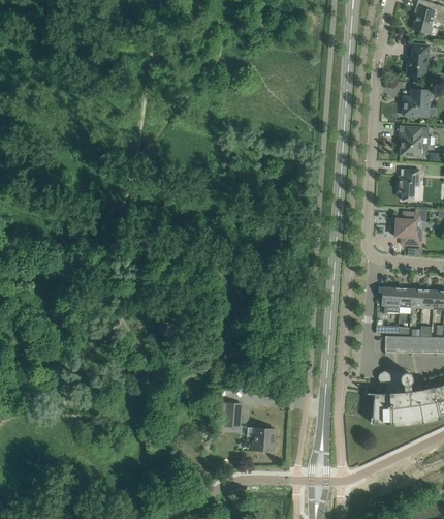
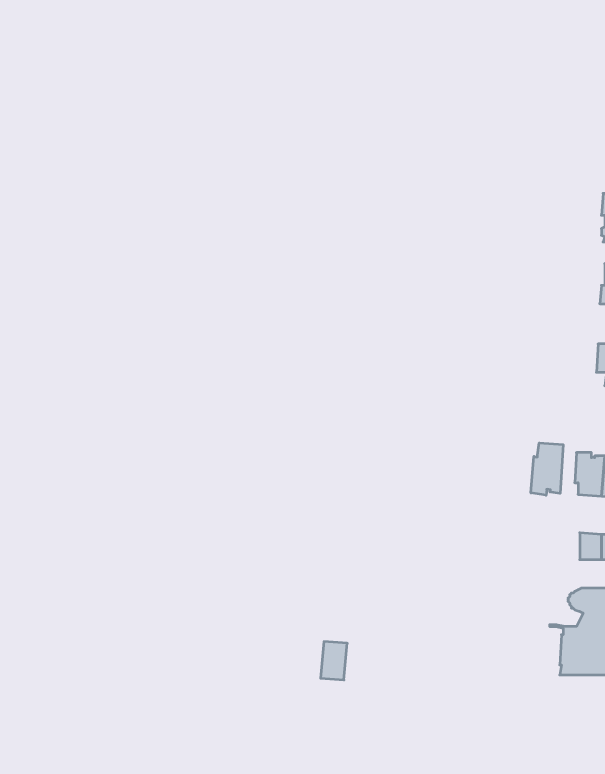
building: none -> [531,443,563,495]
building: [247,427,276,451] -> none

